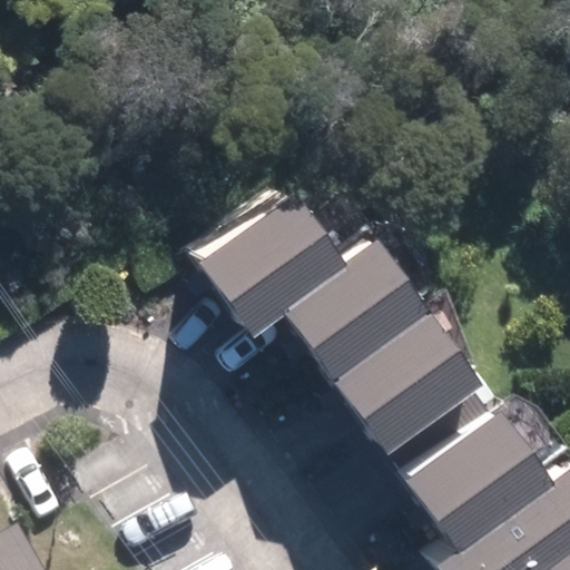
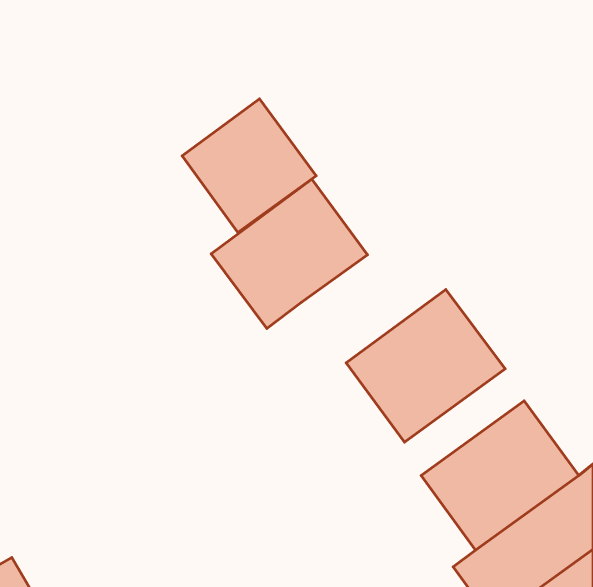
building: none -> [182,99,316,233]
building: [283,233,419,358] -> none

